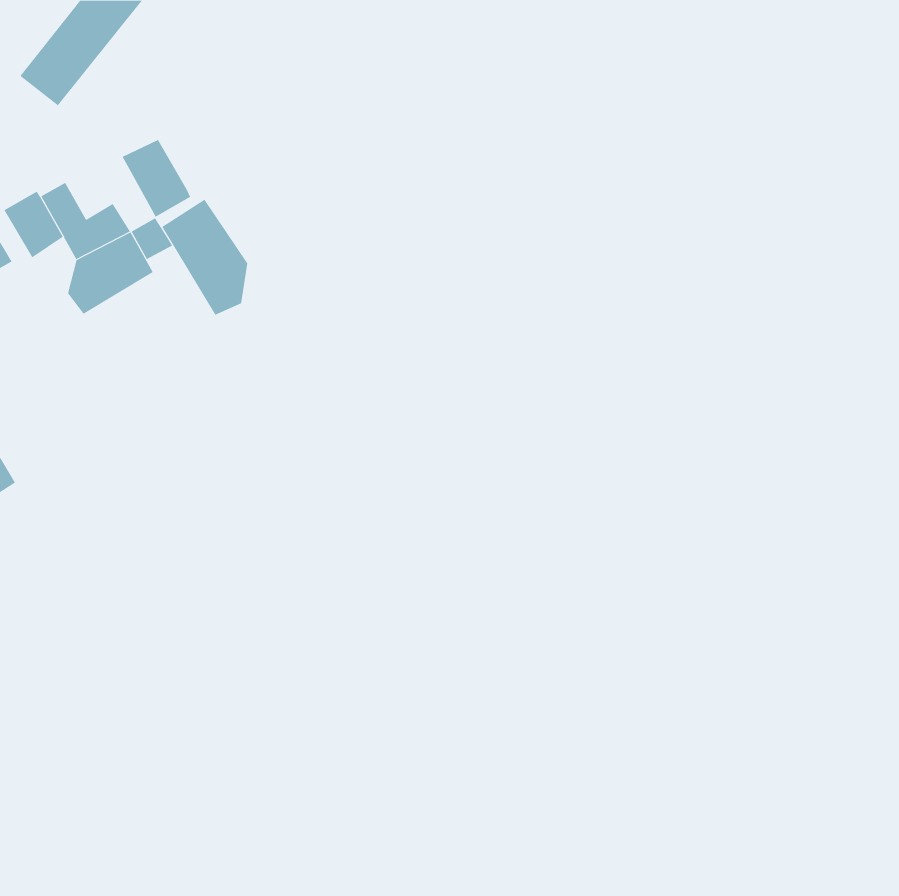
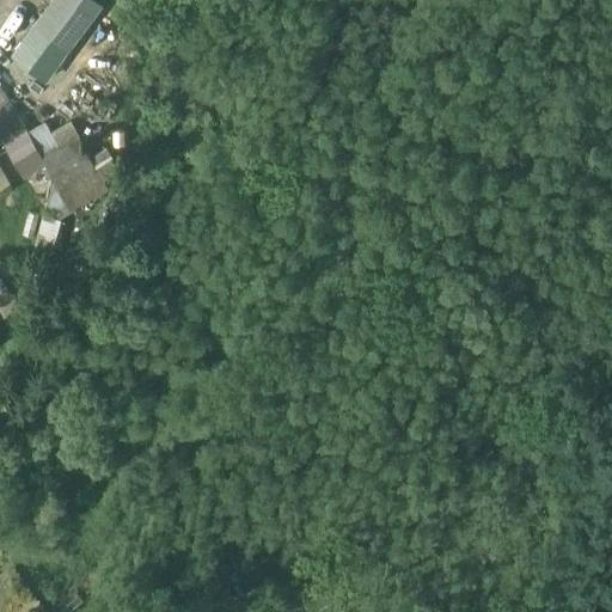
building: [122,139,191,217] -> none
building: [162,199,248,316] -> none

